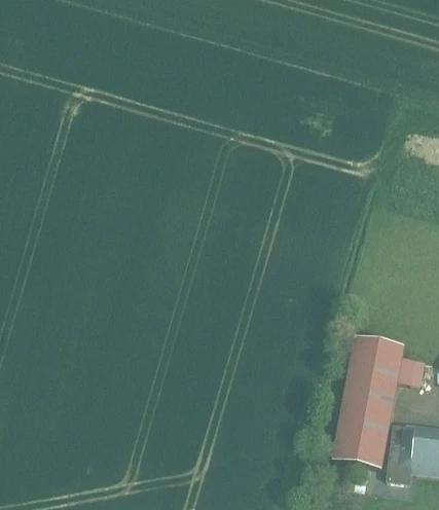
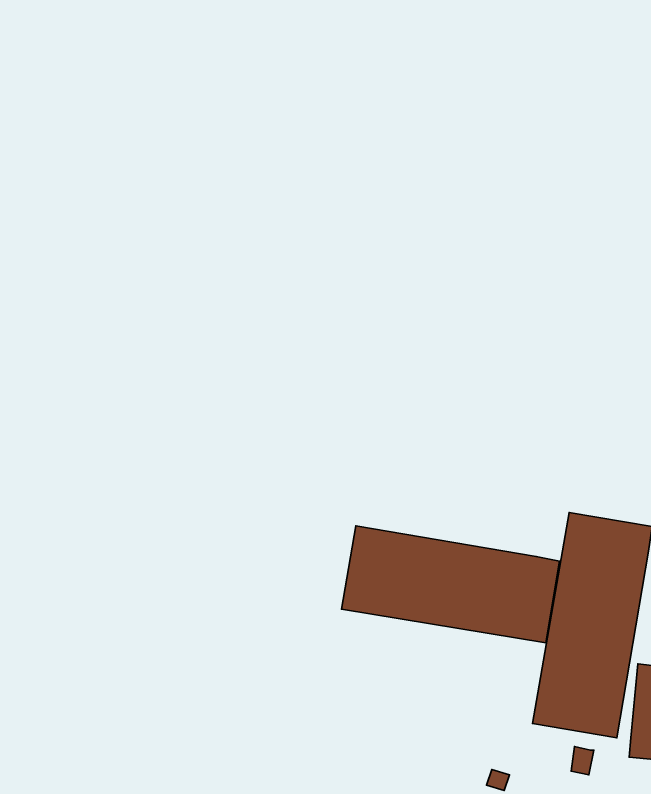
building: none -> [341,526,560,643]

